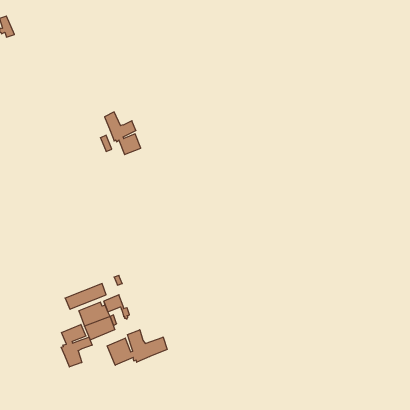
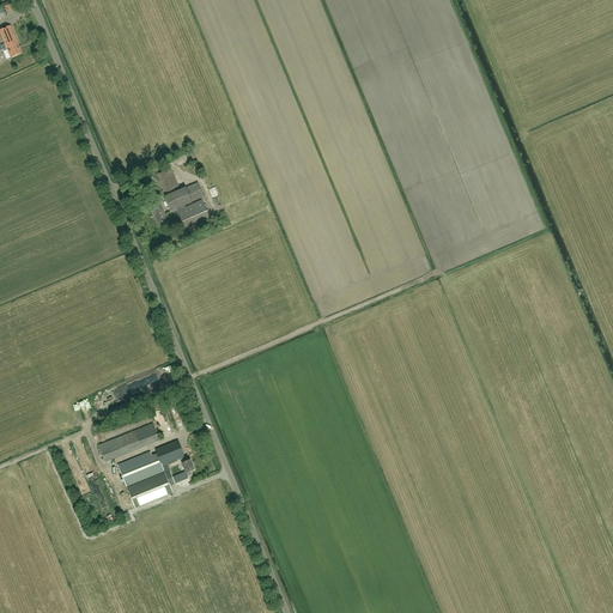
building: [61,324,92,367] -> none
building: [107,330,167,365] -> none

